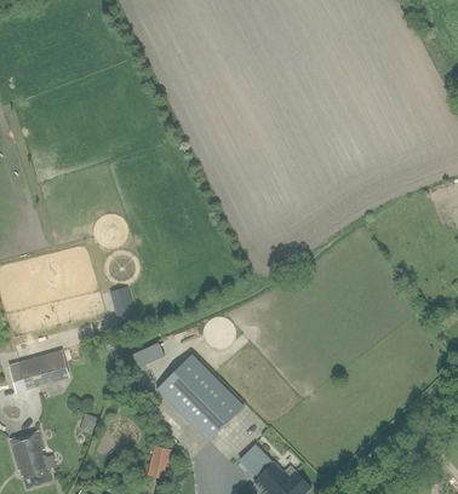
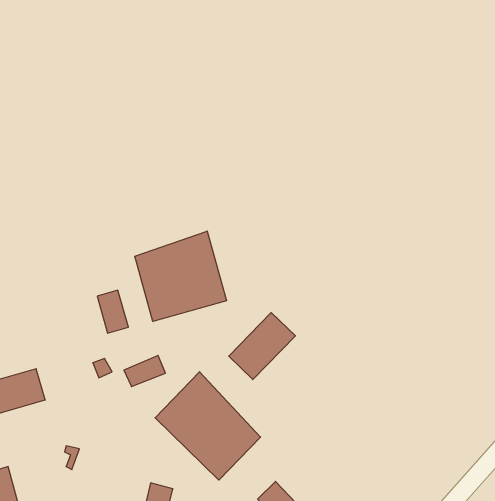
building: none -> [135,231,226,321]
building: none -> [229,313,295,380]

